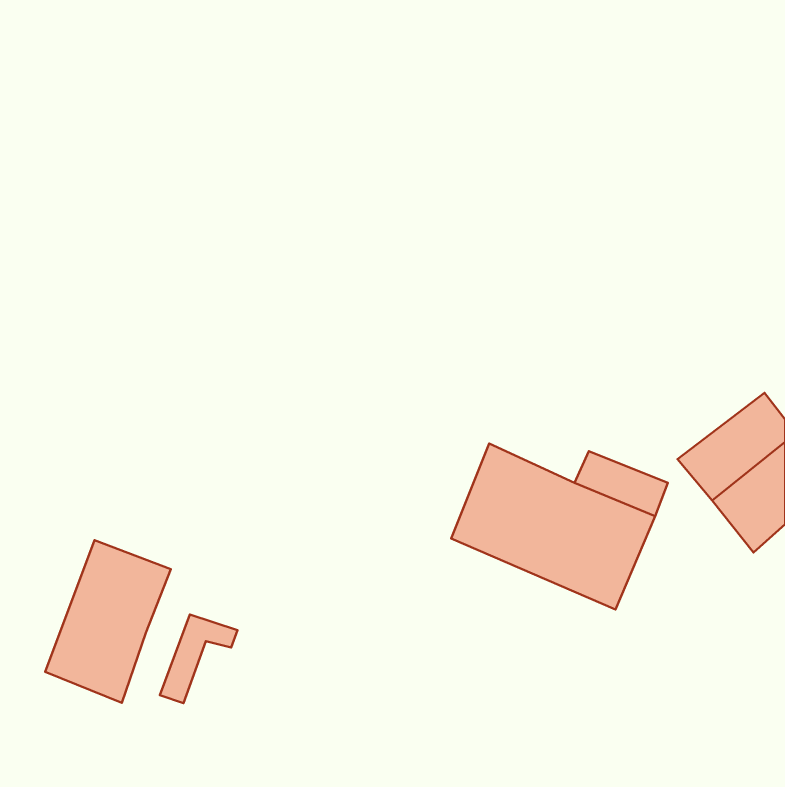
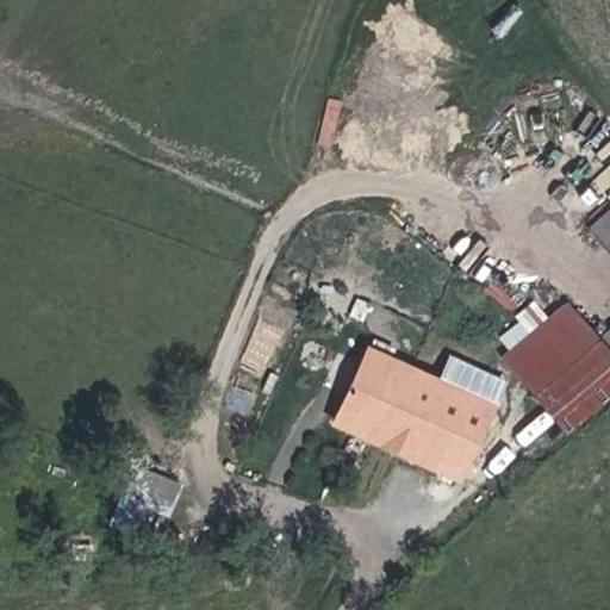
building: [45,540,171,703] -> none

